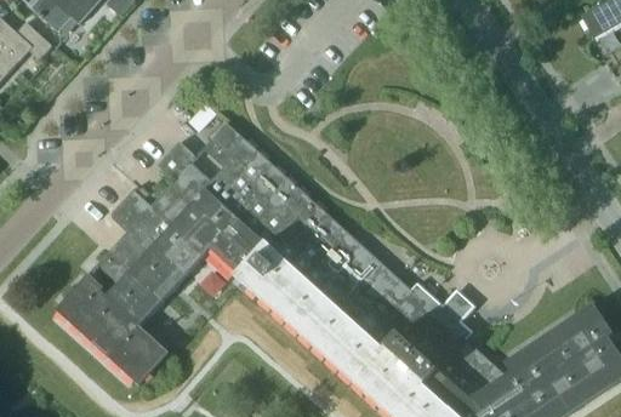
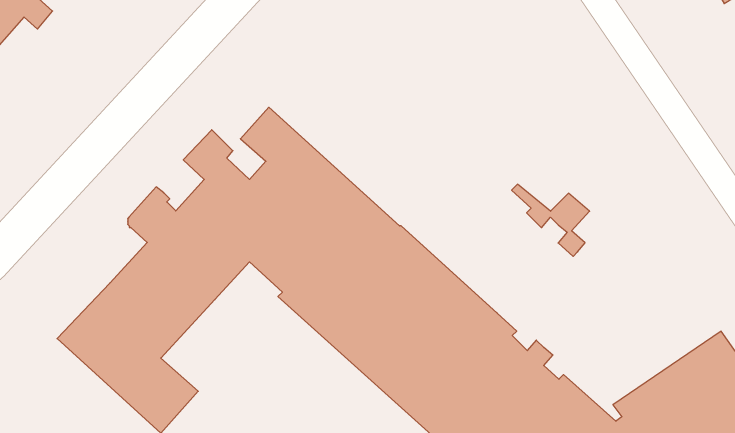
building: [410,284,473,342] -> [512,184,590,256]

